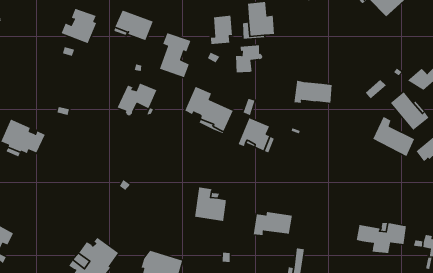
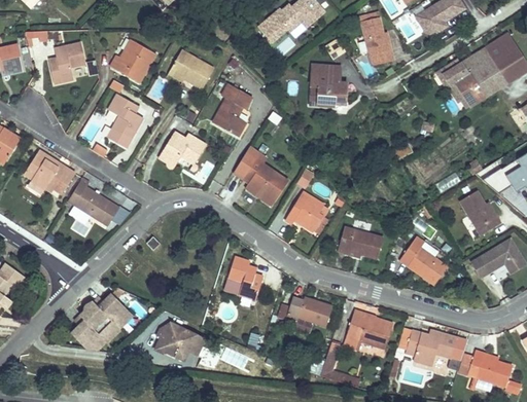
building: [210,15,233,45] -> none
building: none -> [48,43,85,84]
building: [235,44,263,73] -> none
building: none -> [107,95,141,139]
building: [294,80,333,103] -> [336,227,382,259]
building: [372,116,415,157] -> [398,236,446,286]
building: none -> [67,178,118,226]
building: none -> [344,310,393,350]

